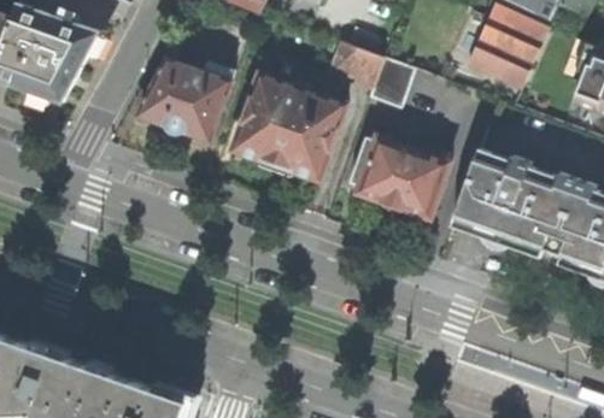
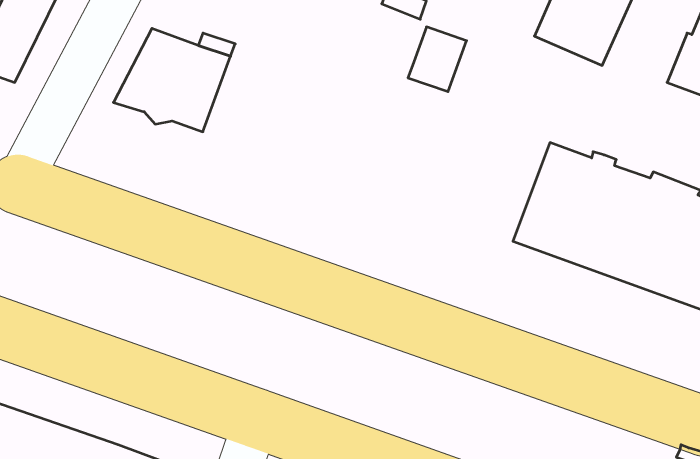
building: [329,41,382,87] -> none
building: [233,72,346,178] -> none
building: [348,135,448,217] -> none

